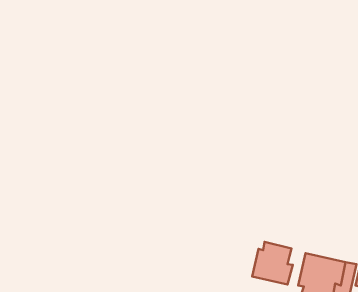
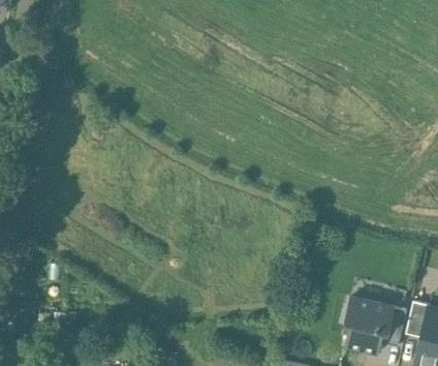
building: [252,242,293,284] -> none

